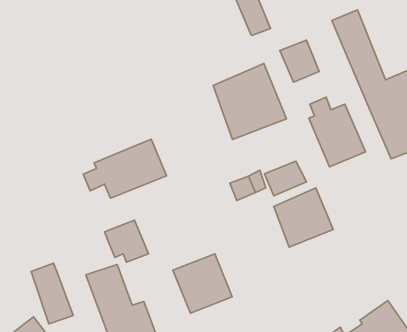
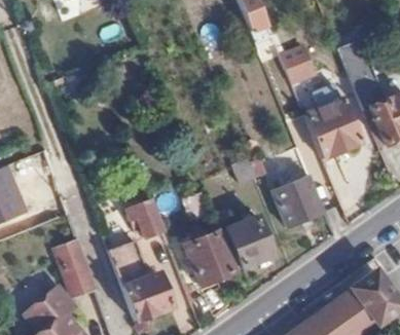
building: [213,63,286,140] -> none
building: [83,139,167,198] -> none
building: none -> [226,216,275,267]

